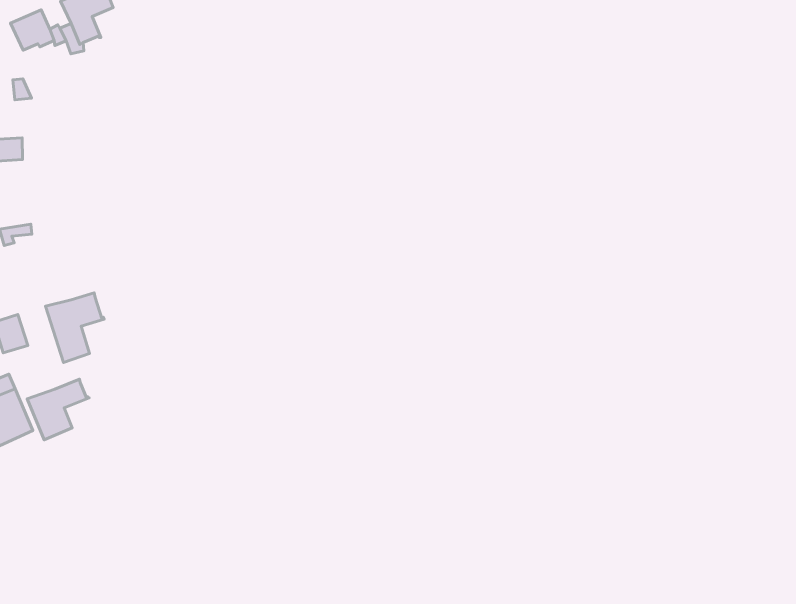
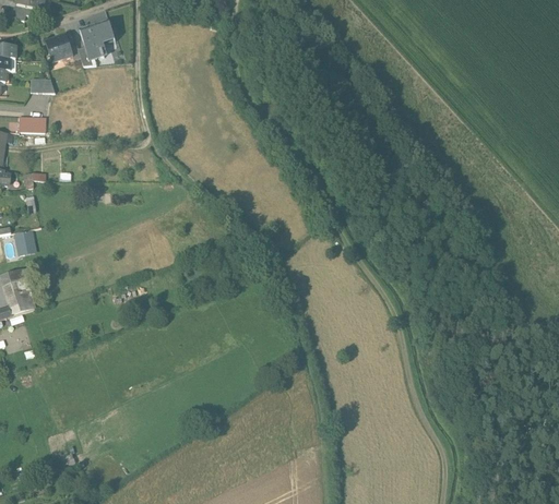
building: [46,293,104,363] -> none
building: [27,379,89,440] -> none

